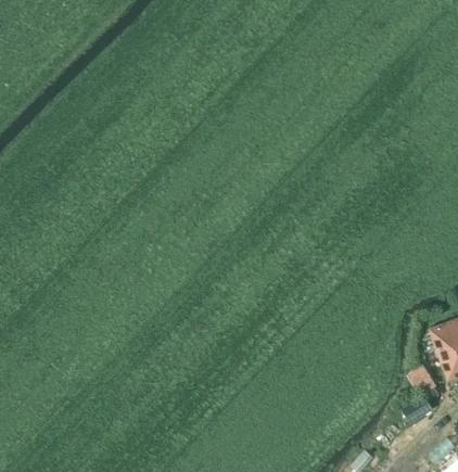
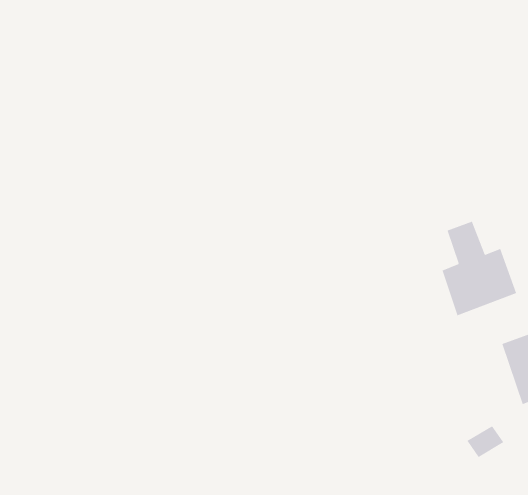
building: none -> [442,221,517,316]

